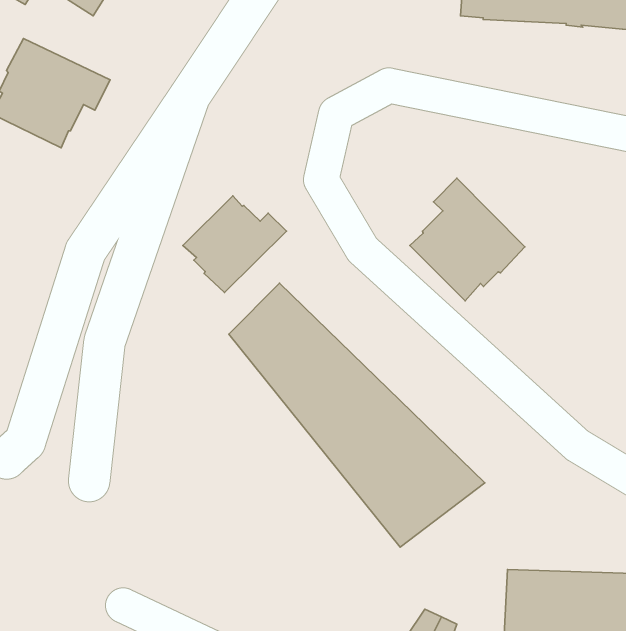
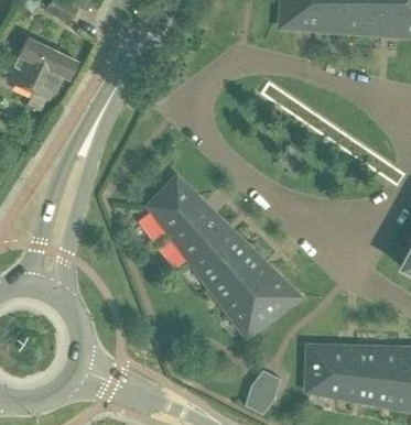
building: [410,178,525,301] -> none
building: [183,196,287,292] -> none

